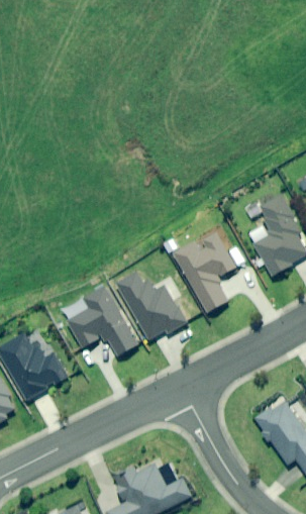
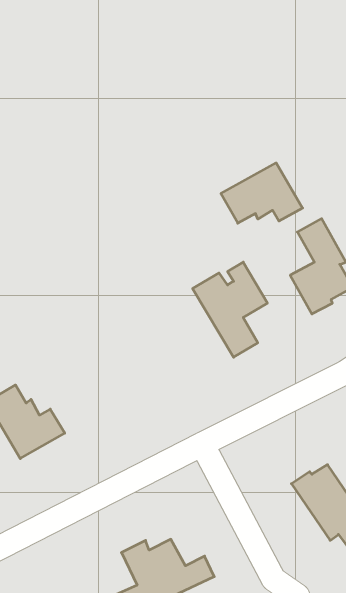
building: none -> [221,163,303,223]
building: [119,272,186,334] -> none
building: [69,287,138,353] -> none

